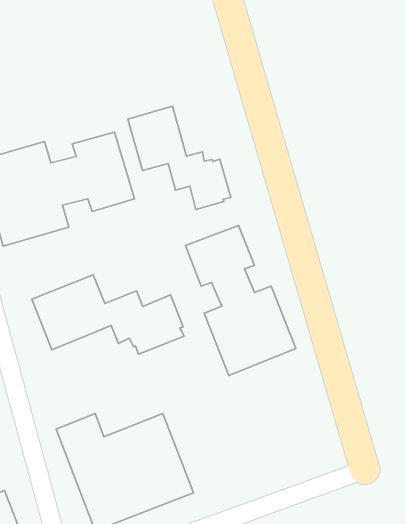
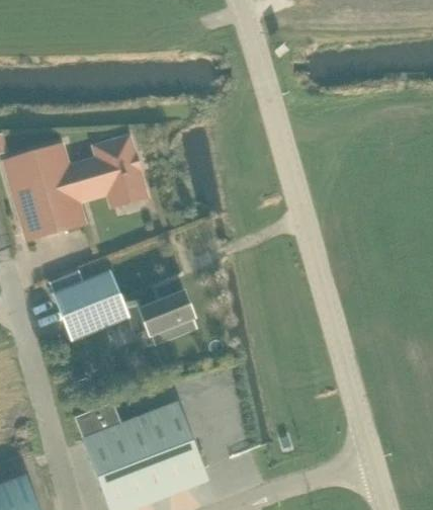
building: [128,106,231,210] -> none
building: [186,226,296,375] -> none

